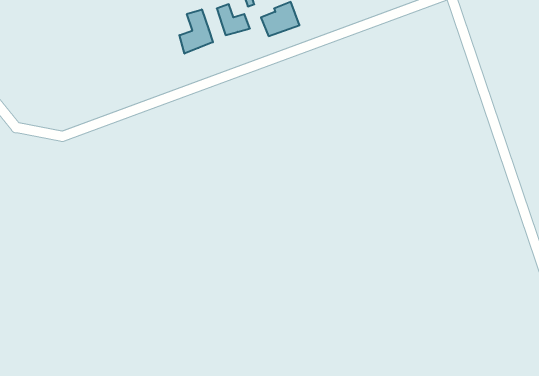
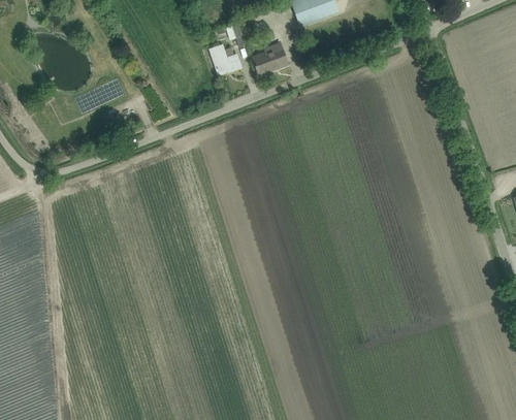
building: [179,9,213,54] -> none

